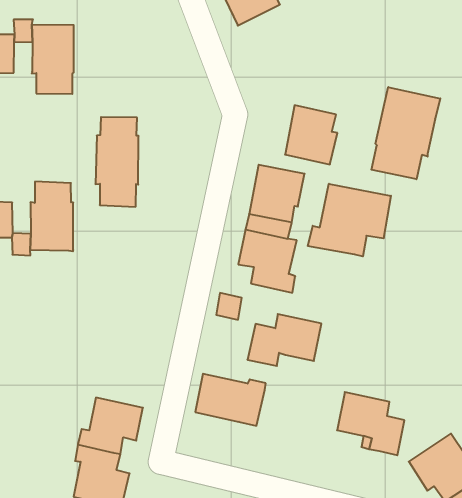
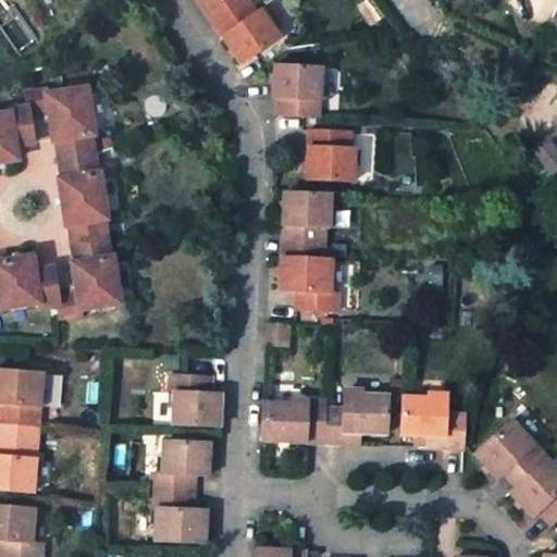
building: none -> [272,63,319,114]
building: [371,87,440,179] -> none
building: [95,117,139,207] -> [57,153,106,244]
building: [308,184,391,256] -> none
building: [247,314,321,366] -> [323,394,388,444]
building: none -> [170,375,223,426]

